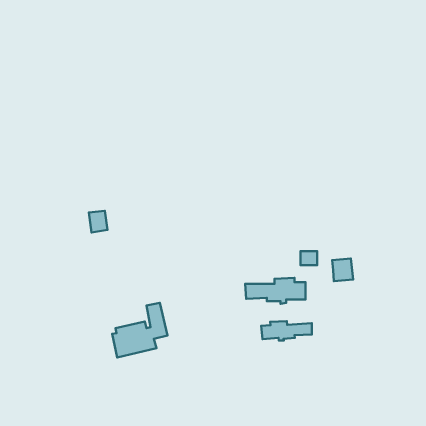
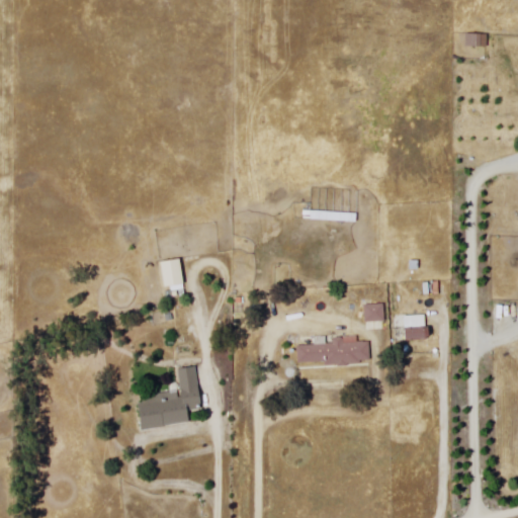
building: [89,211,107,232] -> [160,259,182,285]
building: [261,321,312,341] -> none

